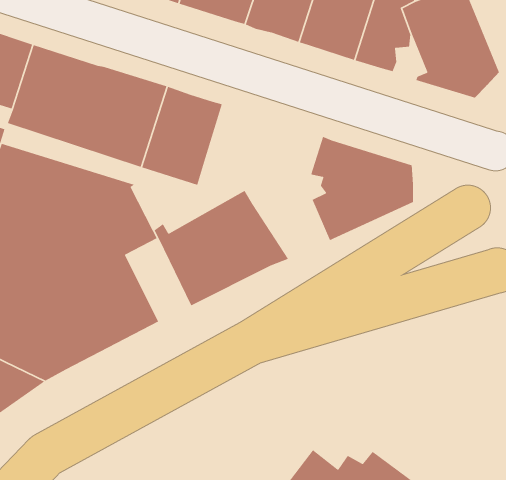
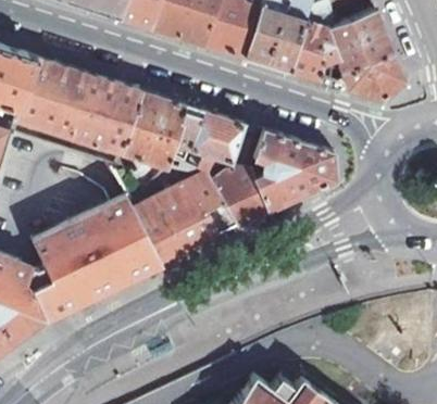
building: none -> [171,106,242,168]
building: none -> [208,171,267,228]
building: none -> [108,212,161,279]

